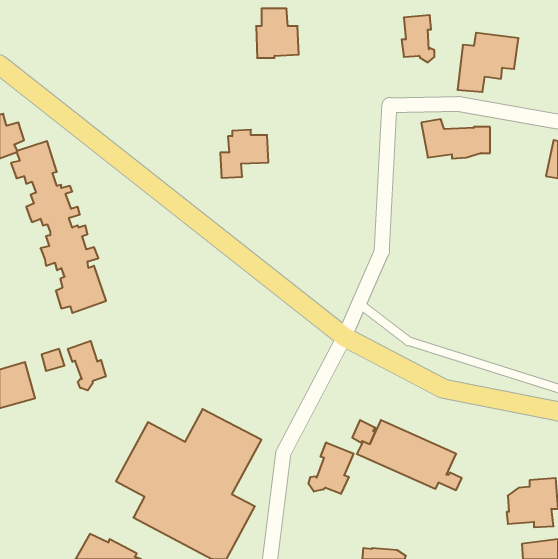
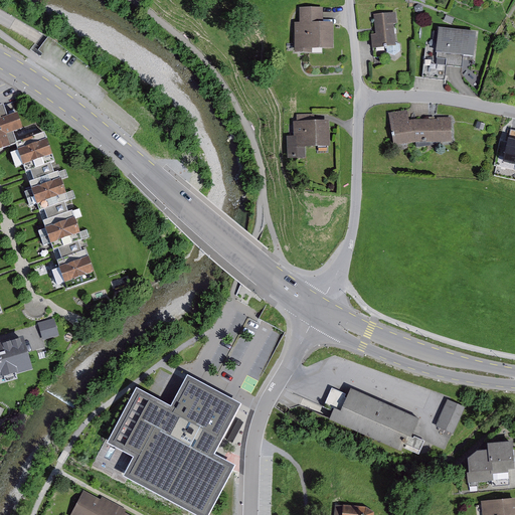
building: [256,9,299,58] -> [294,10,333,55]
building: [220,130,268,178] -> [285,114,329,158]
building: [68,341,106,390] -> none
building: none -> [435,398,464,433]
building: [309,442,353,494] -> none

